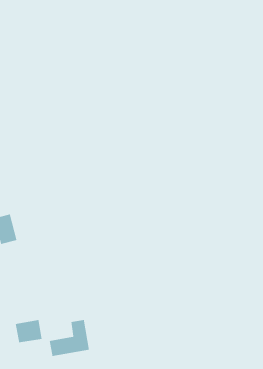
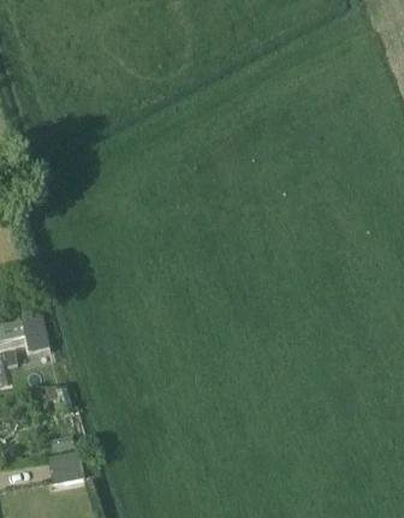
building: [49,319,90,357] -> none

